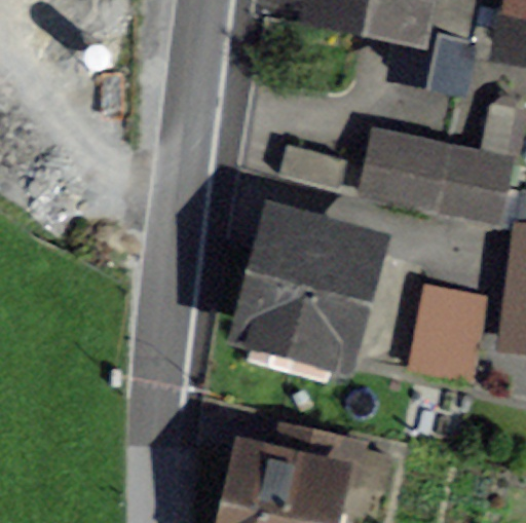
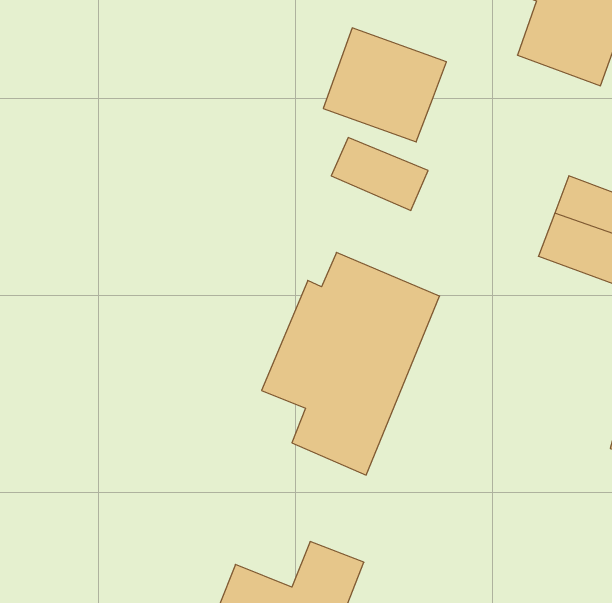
building: [361,132,443,206] -> [323,28,446,142]
building: [410,282,484,377] -> none

